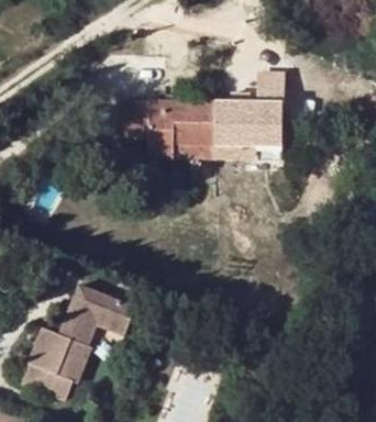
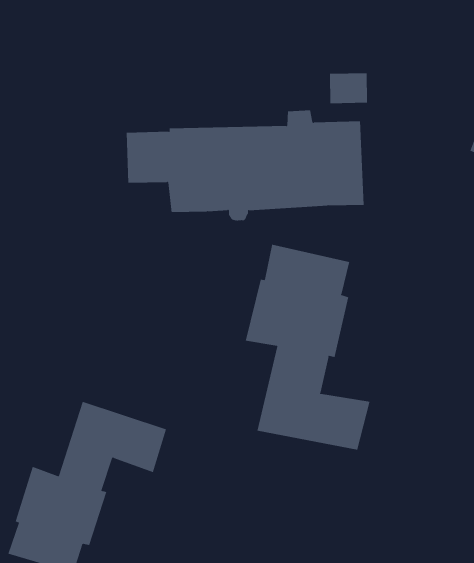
building: none -> [245,244,370,450]

